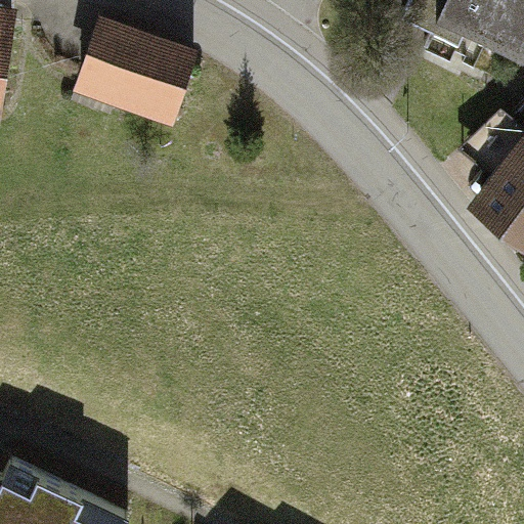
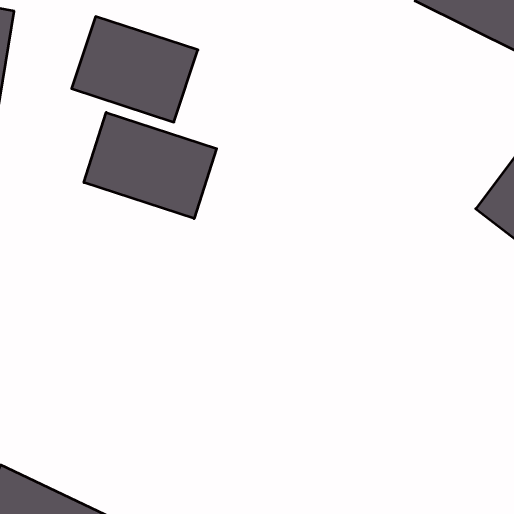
building: none -> [84,112,217,219]

